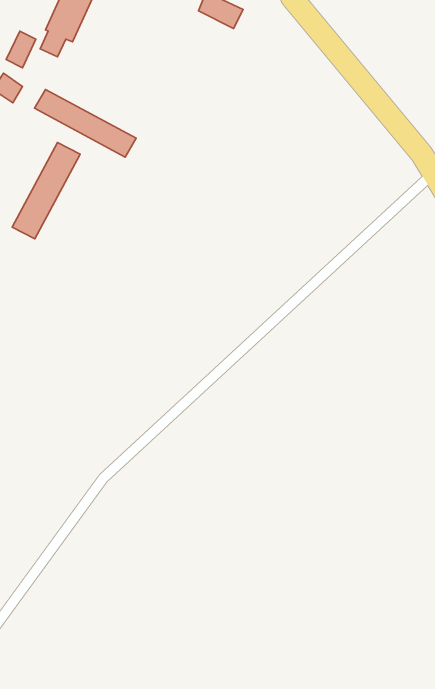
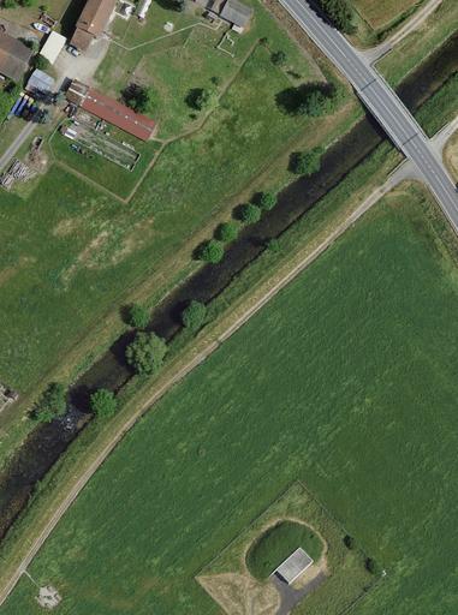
building: [12,143,80,239] -> none
building: none -> [274,544,311,581]

